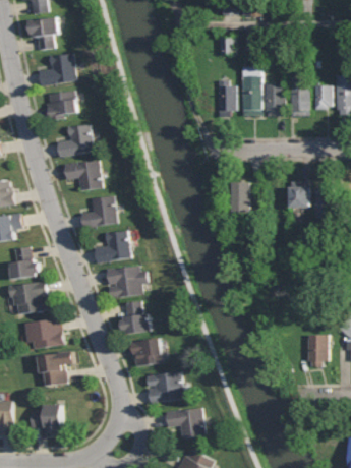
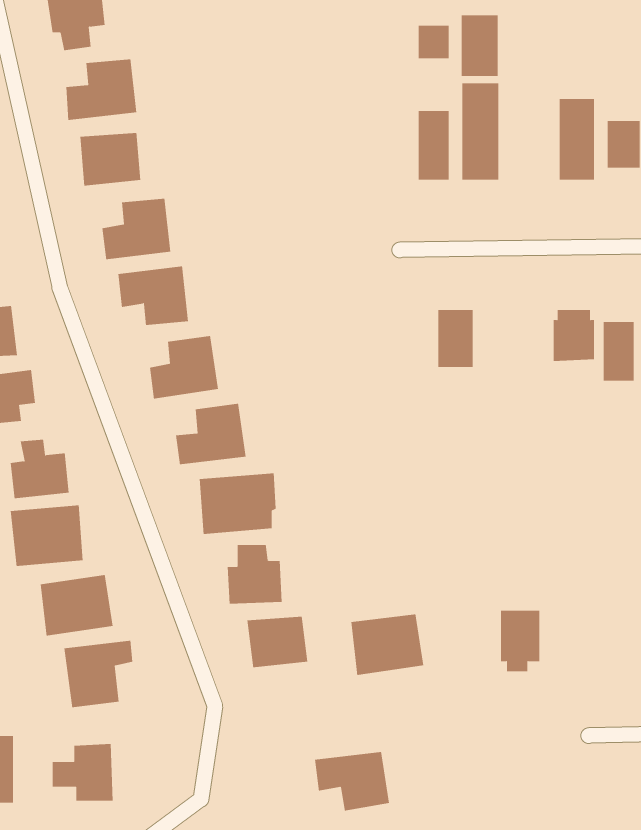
building: [266,84,285,116] -> [461,15,499,76]
building: [306,335,327,366] -> [500,610,540,672]
building: [147,371,184,403] -> [350,614,424,676]

